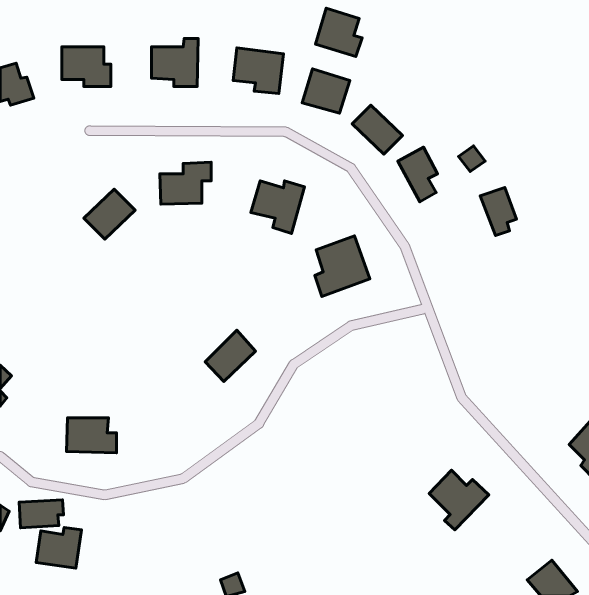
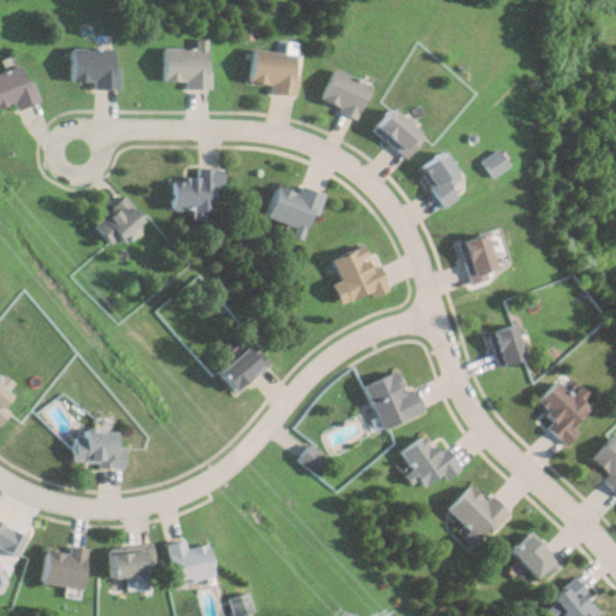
building: [316,8,362,57] -> none
building: [480,188,516,235] -> [458,236,496,285]
building: none -> [491,325,528,368]
building: none -> [366,373,427,430]
building: none -> [535,383,593,444]
building: none -> [402,434,466,487]
building: [19,500,64,528] -> [112,547,158,576]
building: none -> [510,532,563,579]
building: none -> [171,539,219,584]

